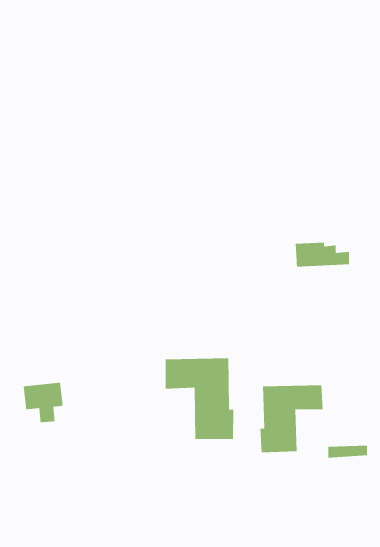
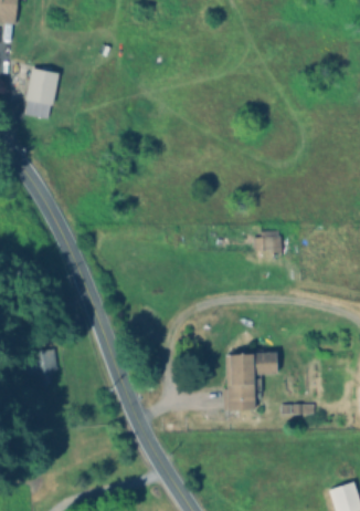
building: none -> [24,67,56,118]
building: [165,357,234,440] -> none

